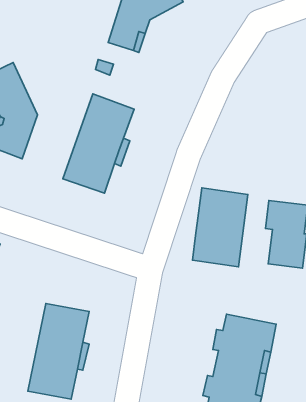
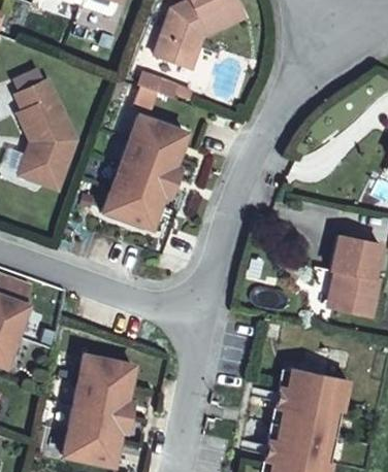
building: [192,188,248,267] -> none

